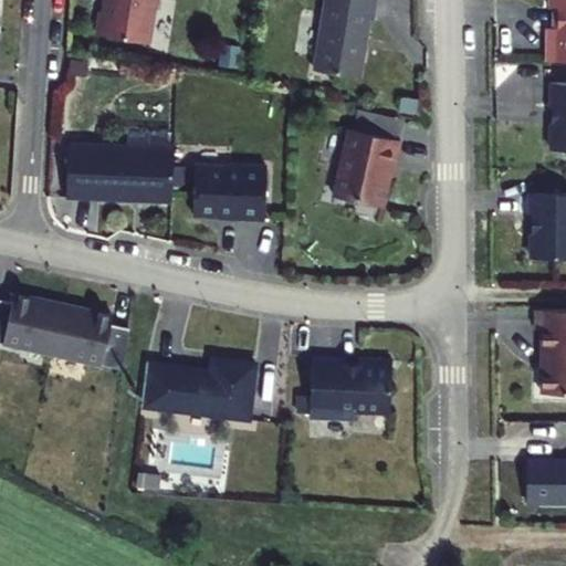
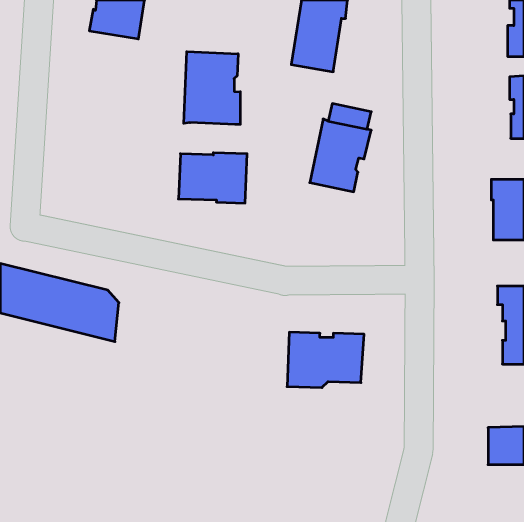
building: none -> [184,52,240,124]
building: [66,146,174,202] -> none
building: [142,359,255,421] -> none

